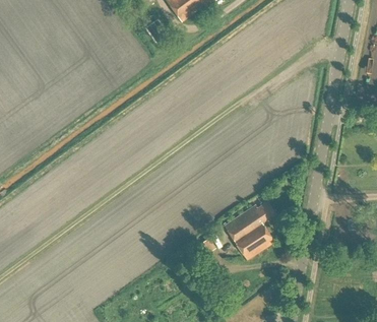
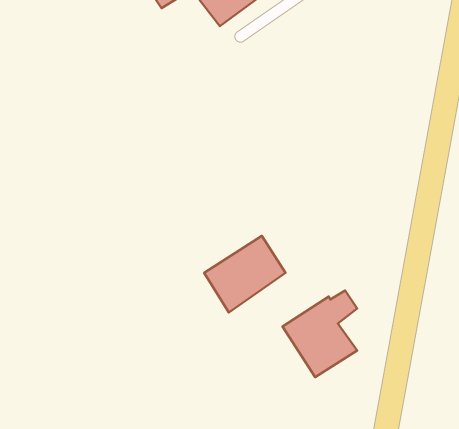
building: none -> [204,236,286,312]

